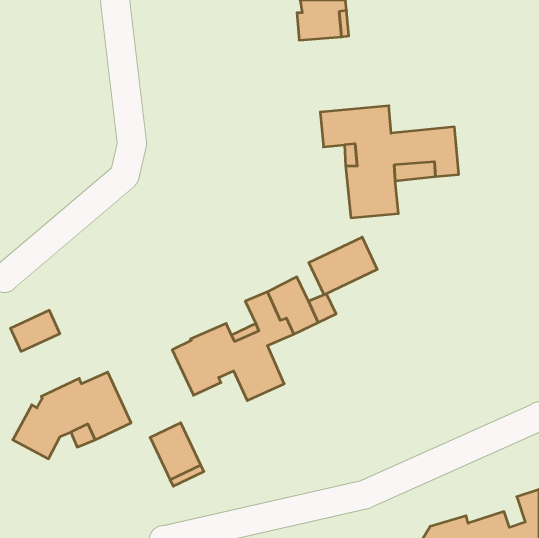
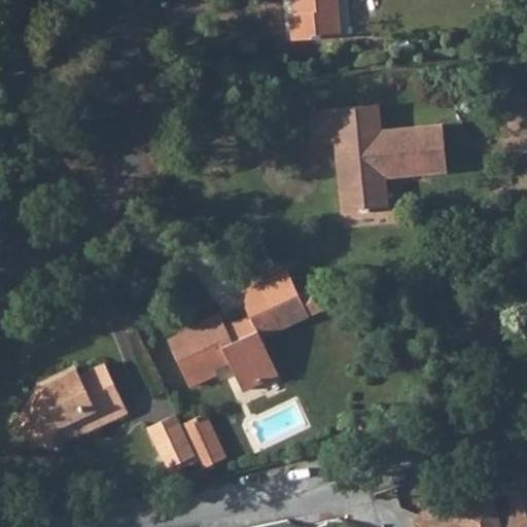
building: [309,237,377,295] -> none
building: [11,310,60,351] -> none
building: none -> [185,415,224,468]

